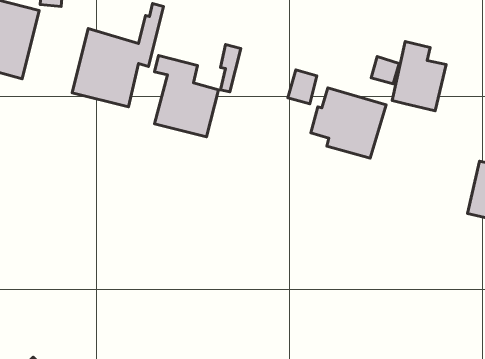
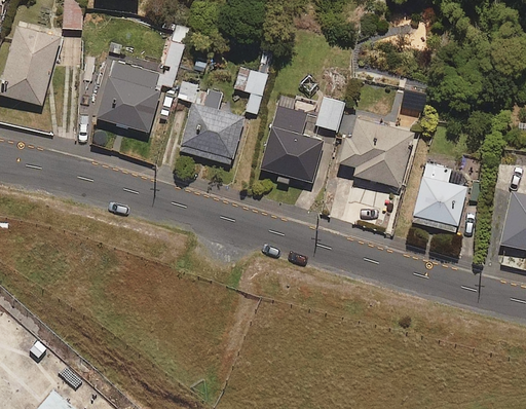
building: [392,41,446,111] -> [411,162,466,233]
building: none -> [259,105,323,185]

